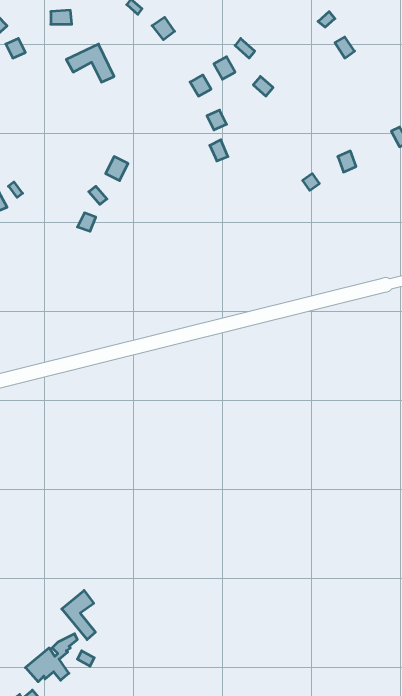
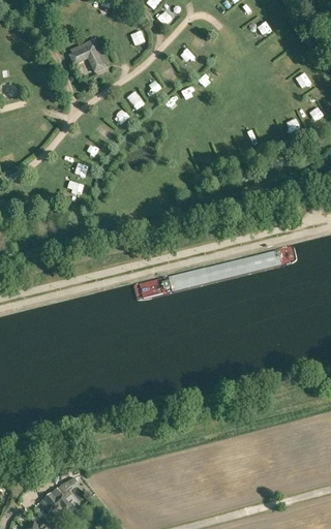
building: [62,590,95,640] -> none

